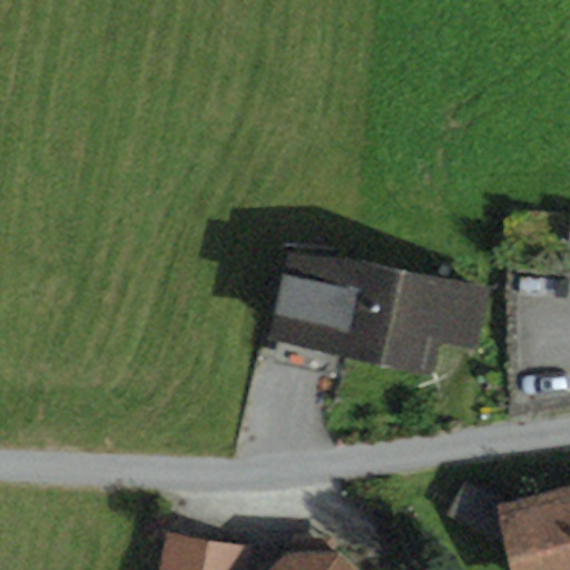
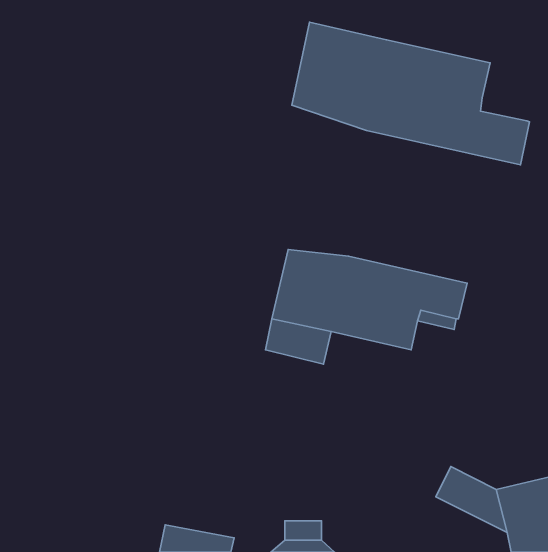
building: none -> [292,22,529,165]

